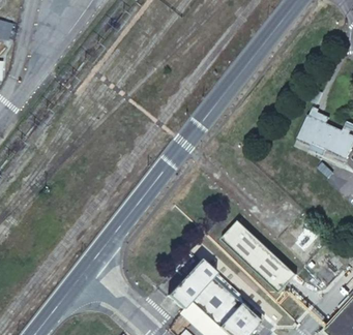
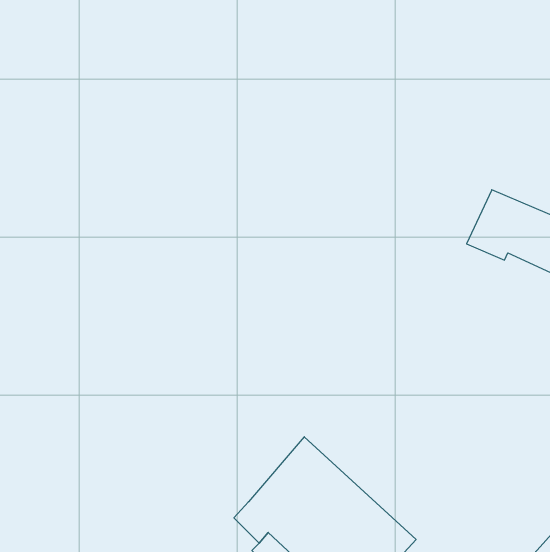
building: [222,218,297,291] -> none

